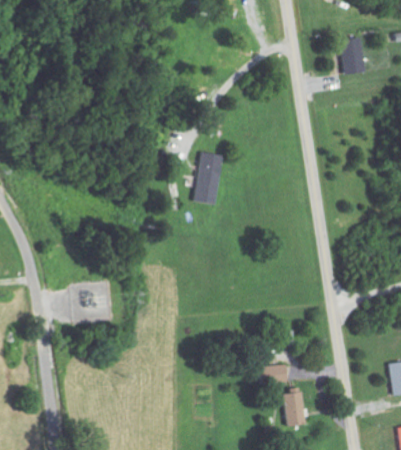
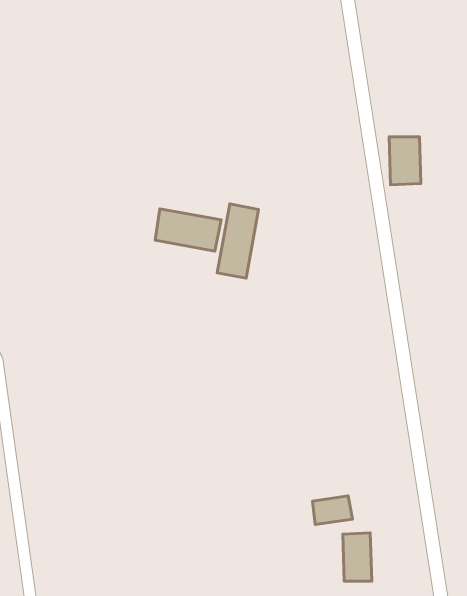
building: [341,39,364,74] -> [389,137,421,185]
building: none -> [155,209,221,251]

